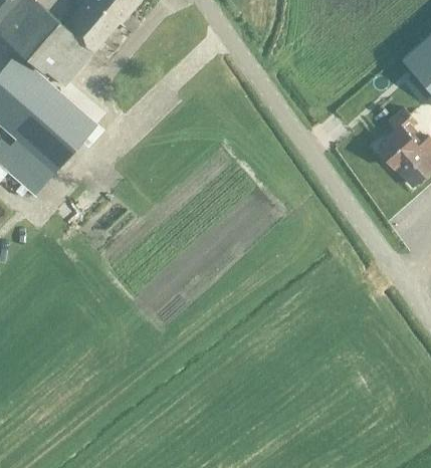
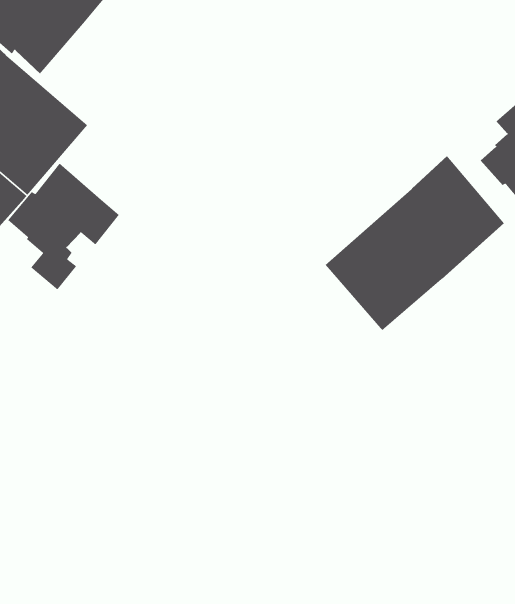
building: none -> [324,155,505,331]
building: none -> [7,163,120,290]

